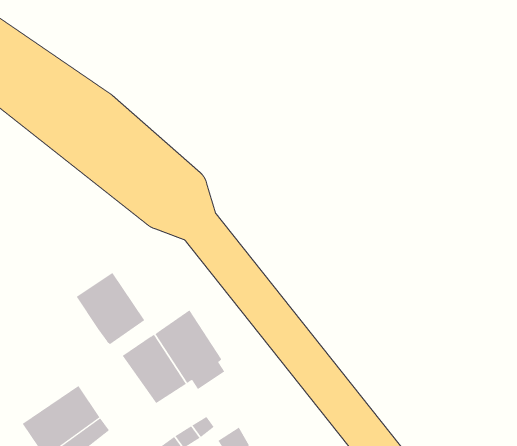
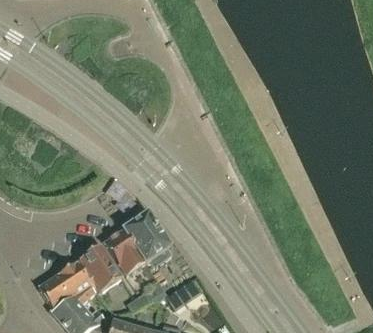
building: [76,272,145,345] -> [76,245,121,292]

